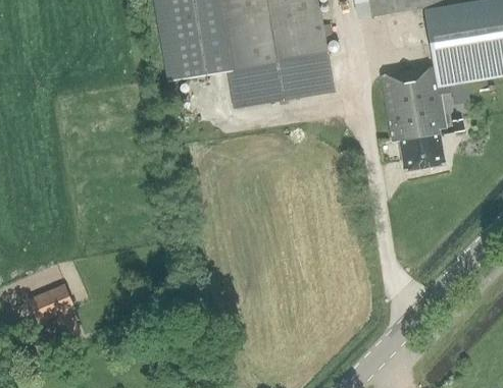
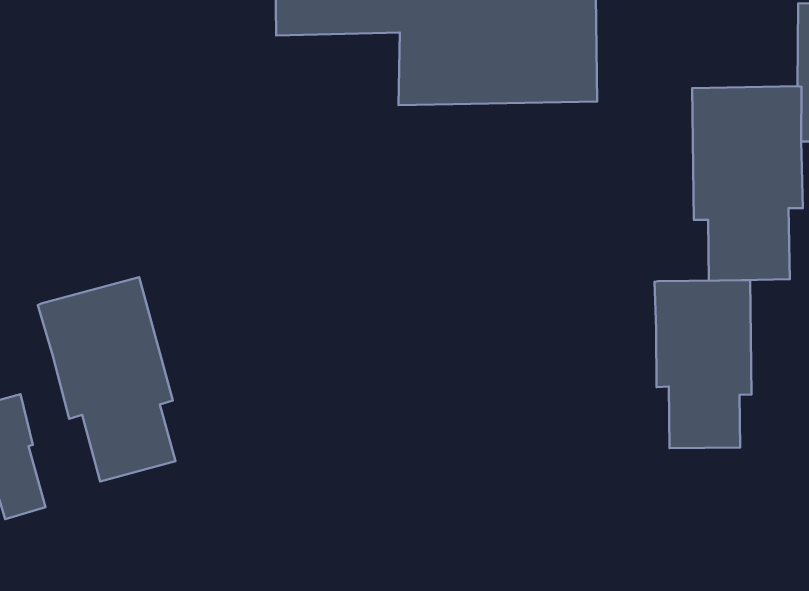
building: none -> [655,280,752,448]
building: none -> [38,277,175,481]

